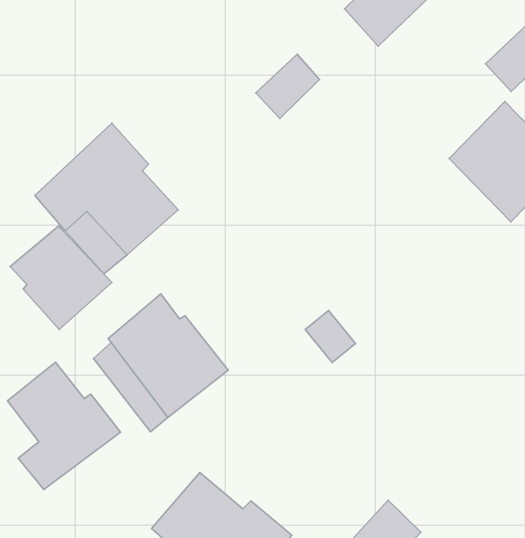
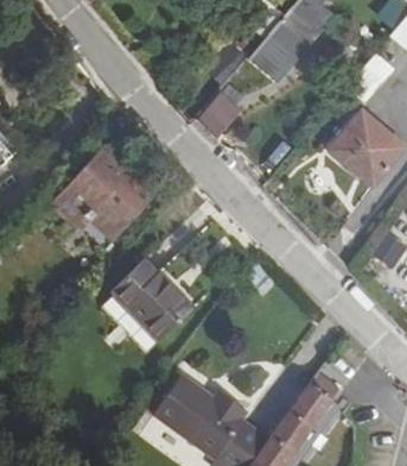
building: [10,226,112,329] -> none
building: [8,362,121,489] -> none

